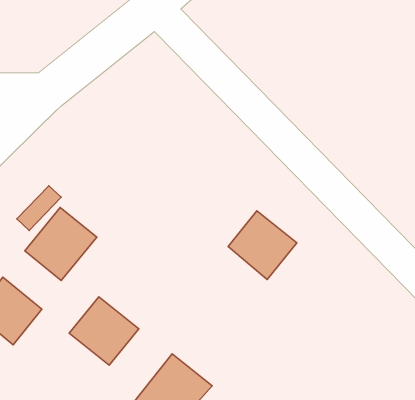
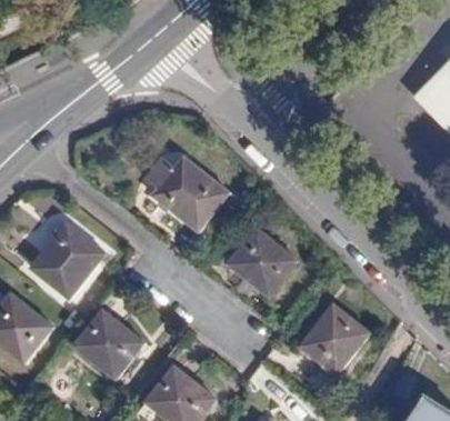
building: none -> [147,156,231,229]
building: none -> [301,307,367,373]

